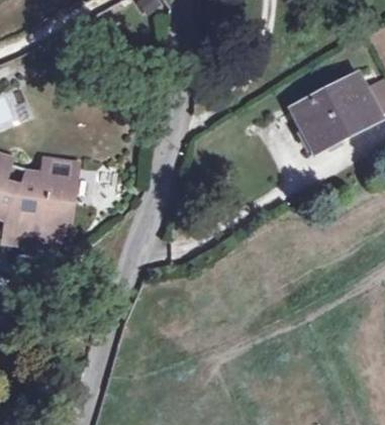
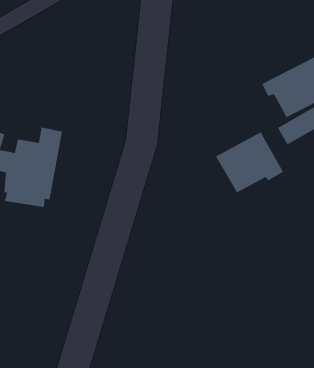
building: none -> [215,131,284,193]

